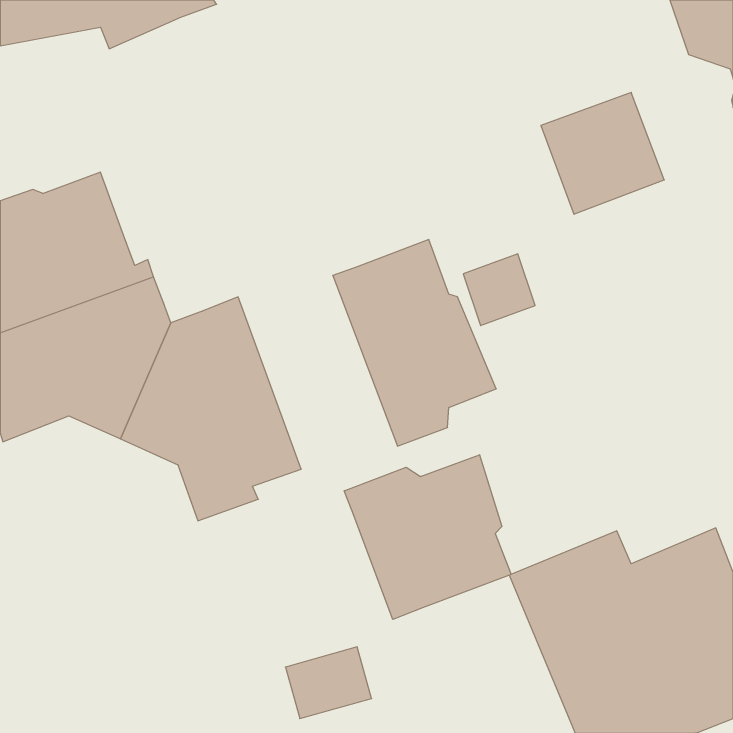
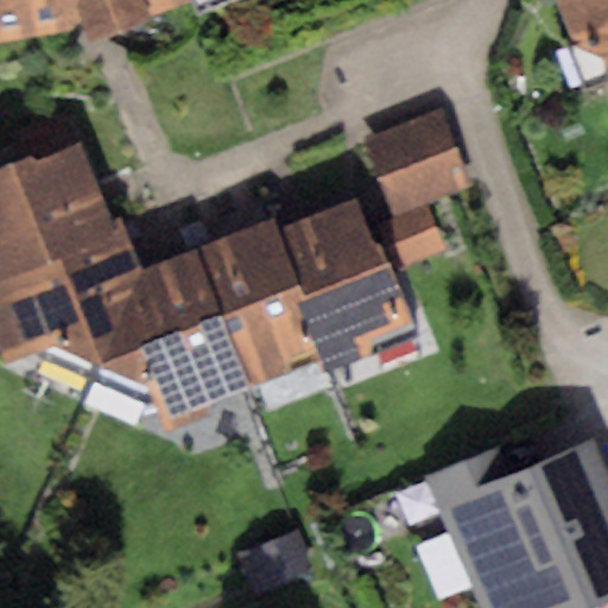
building: [541,92,664,214] -> [366,112,468,213]
building: none -> [197,218,321,388]
building: [344,455,511,619] -> none

